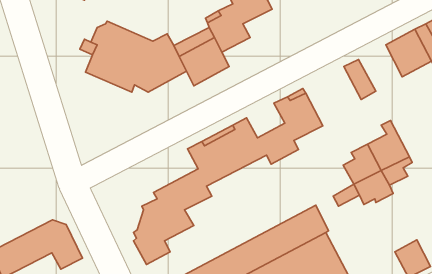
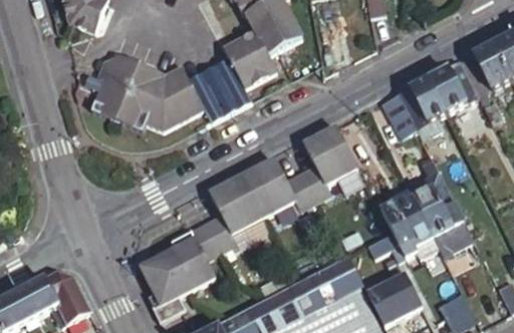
building: none -> [396,78,444,140]
building: none -> [430,208,471,255]
building: none -> [367,273,422,324]

